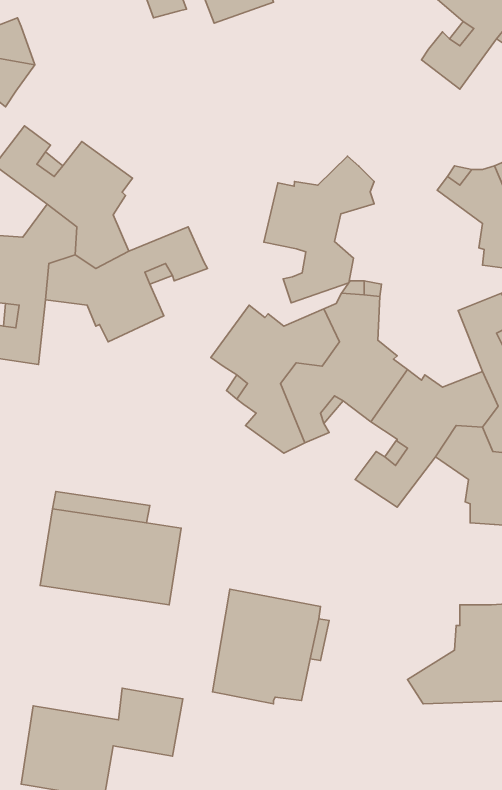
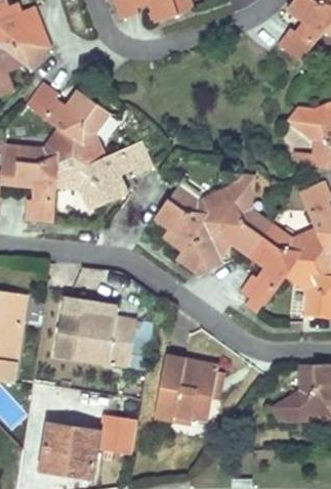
building: [264,156,374,303] -> none

